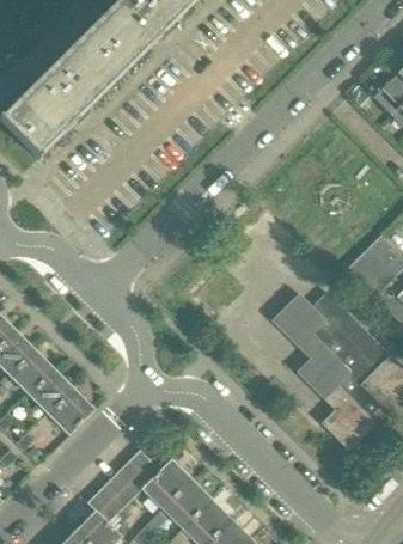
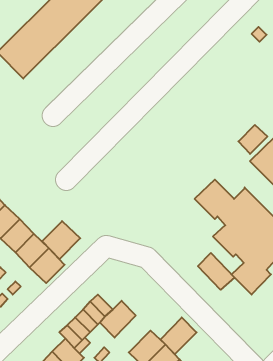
building: none -> [238,125,267,154]
building: none -> [42,221,80,259]
building: none -> [198,253,234,290]
building: [161,479,210,530] -> [161,317,197,354]

